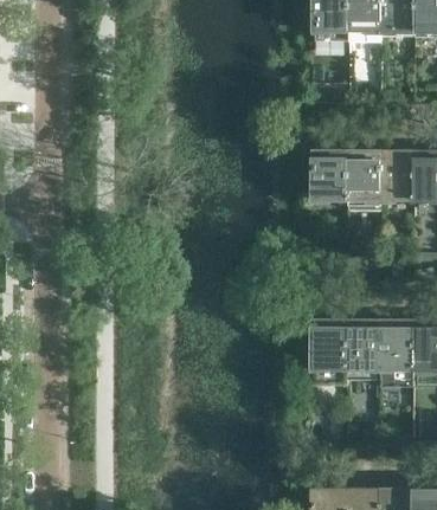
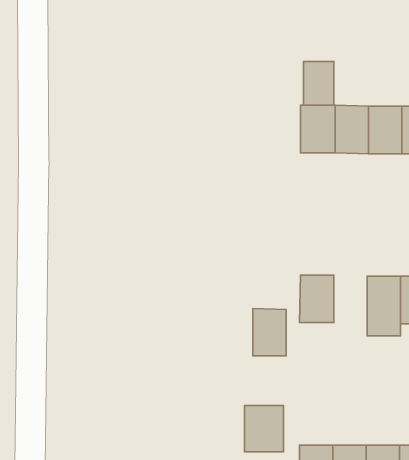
building: none -> [304,61,334,105]
building: [346,322,379,369] -> [253,308,286,356]
building: none -> [244,405,284,452]

